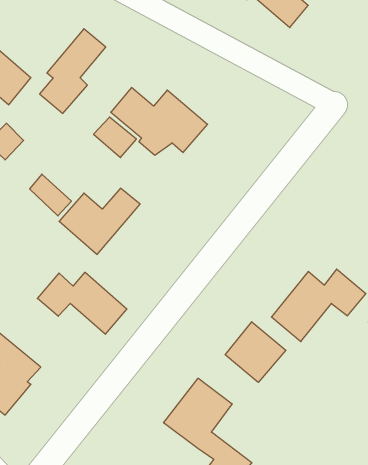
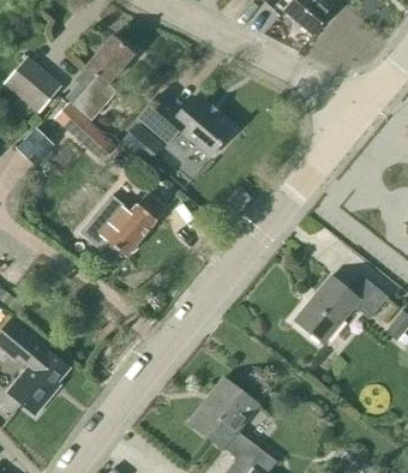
building: [30,174,71,216] -> [55,104,96,145]
building: [37,272,127,334] -> none
building: [225,322,286,382] -> none

